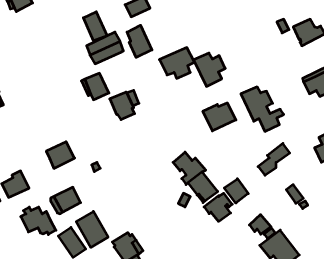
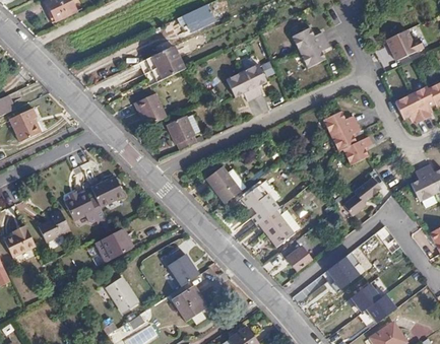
building: [83,12,107,41] -> none
building: [127,25,152,57] -> none
building: [194,53,225,86] -> [293,27,330,67]
building: [203,103,236,131] -> none
building: none -> [206,167,246,204]
building: [224,179,248,203] -> none
building: [21,207,56,235] -> [65,191,107,223]
building: [76,211,108,247] -> [158,246,195,288]

